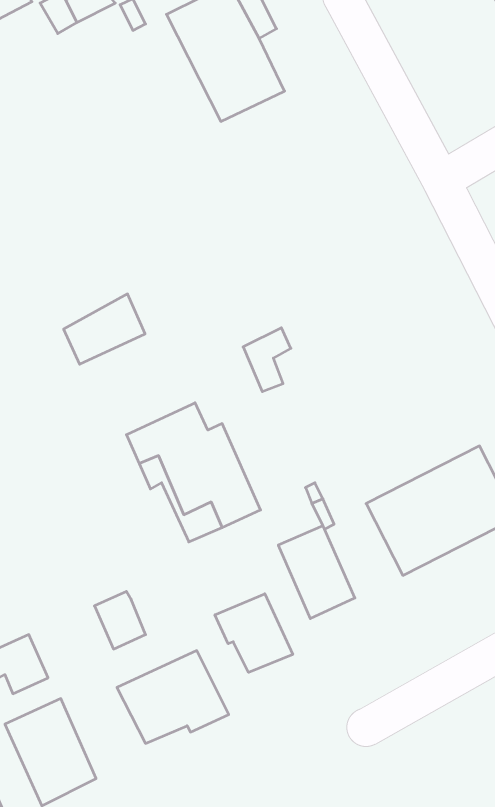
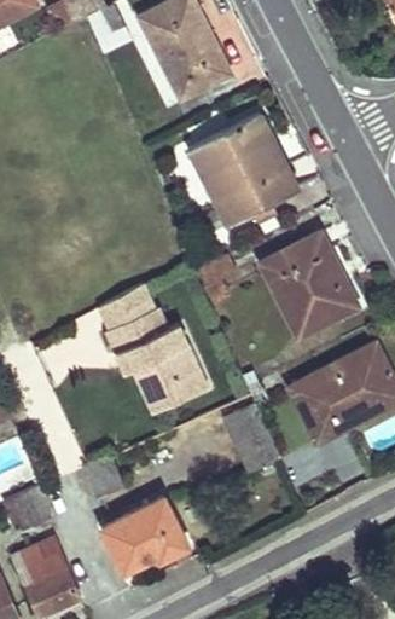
building: none -> [188,112,297,226]
building: [64,294,145,364] -> [97,280,158,334]
building: none -> [262,231,356,334]
building: [215,594,293,672] -> none

